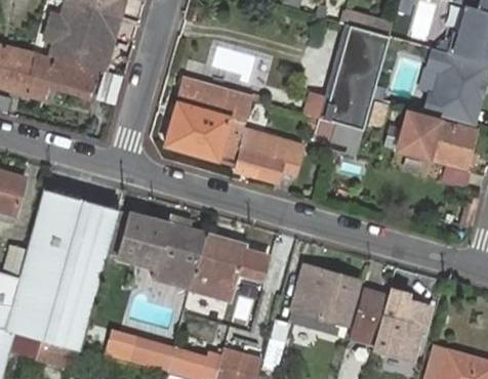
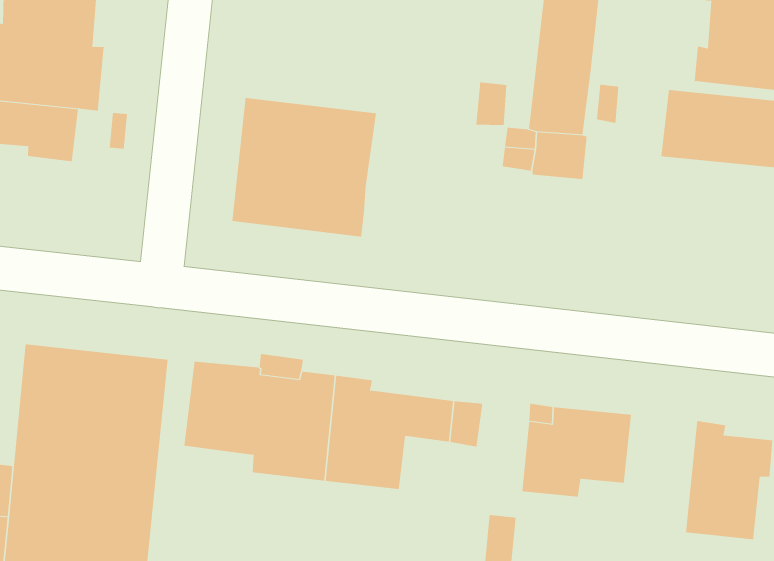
building: [235,136,299,182] -> none
building: [349,289,389,347] -> none

